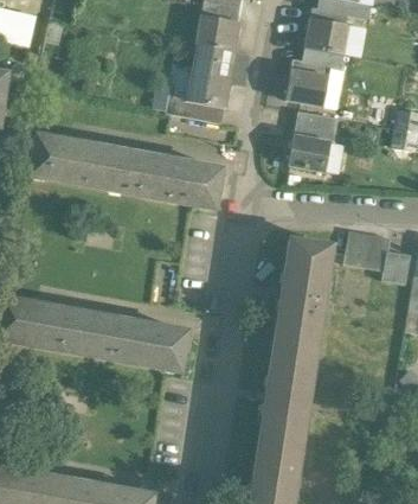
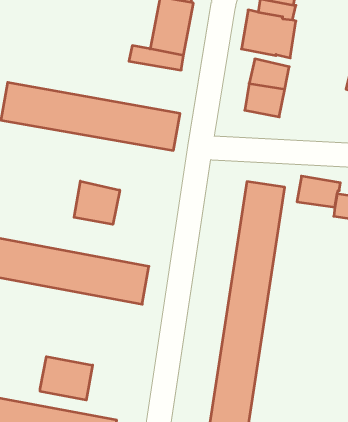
building: none -> [74,181,120,224]
building: none -> [40,357,93,400]

